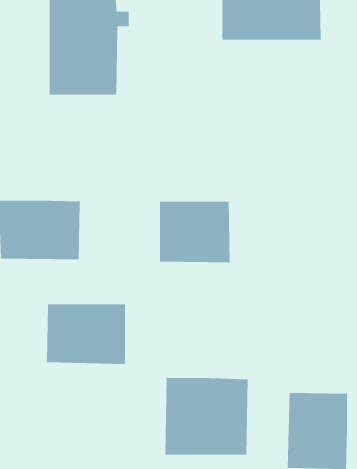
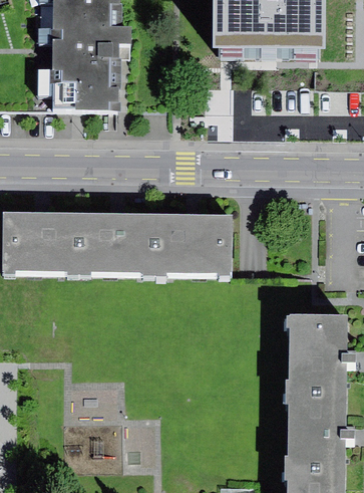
building: [46,304,126,365] -> [82,214,160,274]
building: none -> [288,326,348,403]
building: [165,377,248,456] -> none

